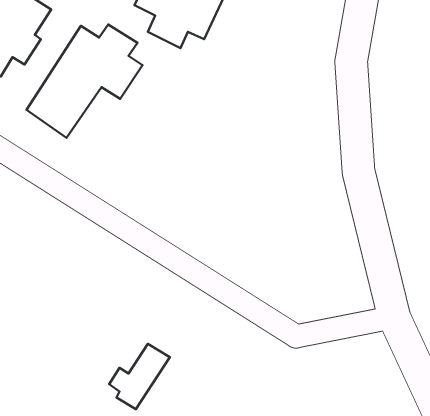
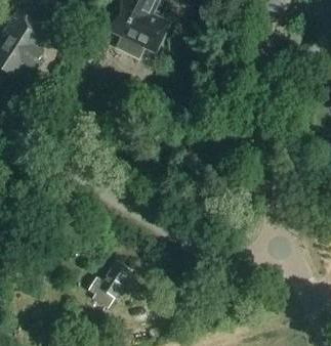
building: [26,24,143,138] -> none

